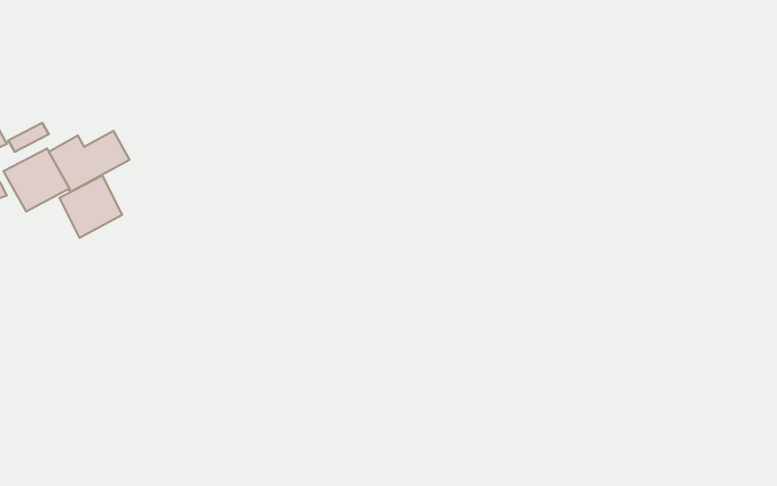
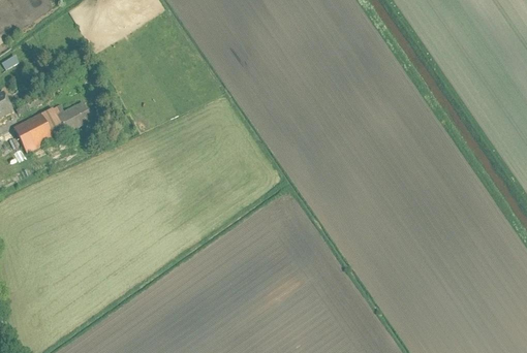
building: [59,175,122,238] -> none

